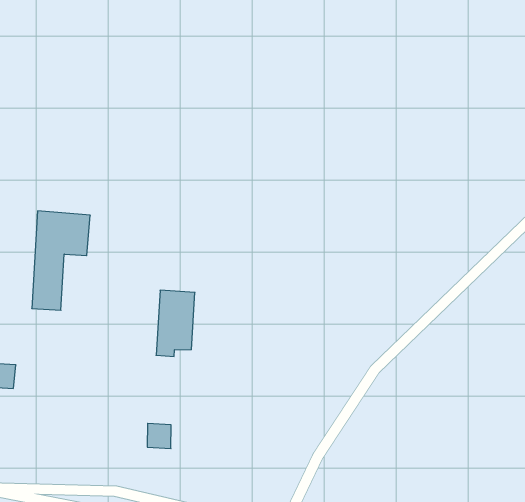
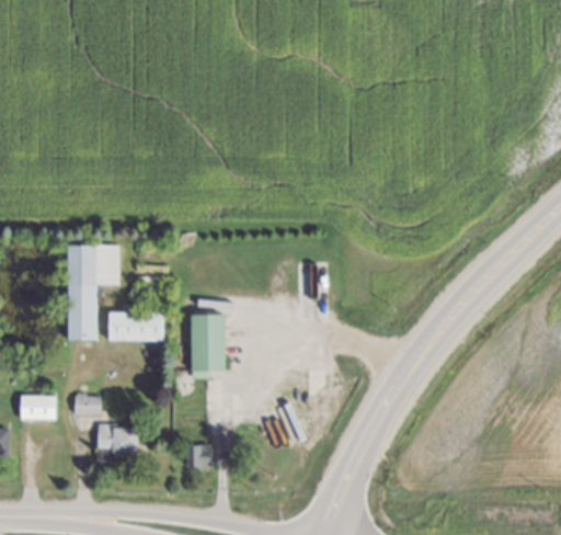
building: none -> [107,311,163,341]
building: none -> [73,395,100,414]
building: none -> [96,425,138,463]

